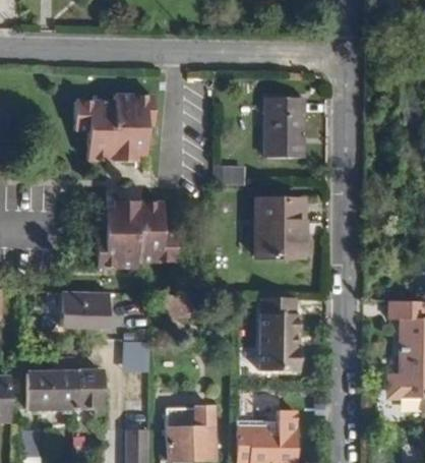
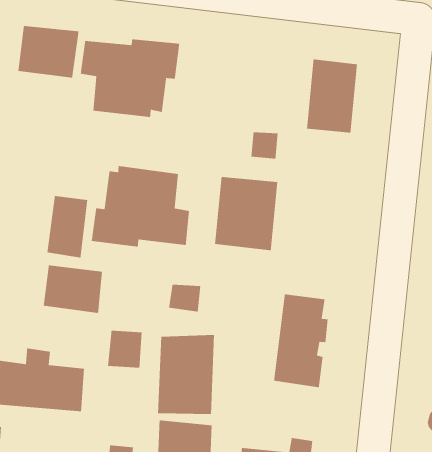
building: none -> [18,25,80,79]
building: [256,200,304,258] -> [214,176,278,251]
building: none -> [47,195,88,259]
building: none -> [157,334,215,415]

